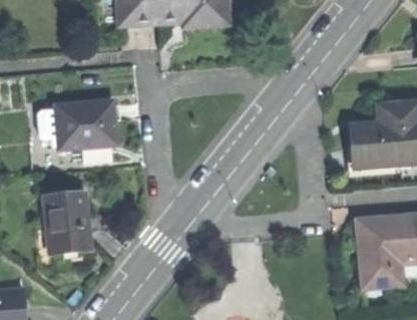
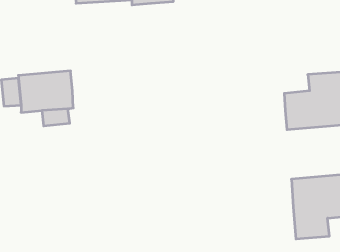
building: [45,190,89,253] -> none

